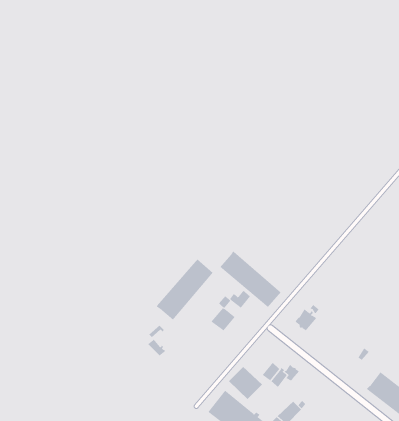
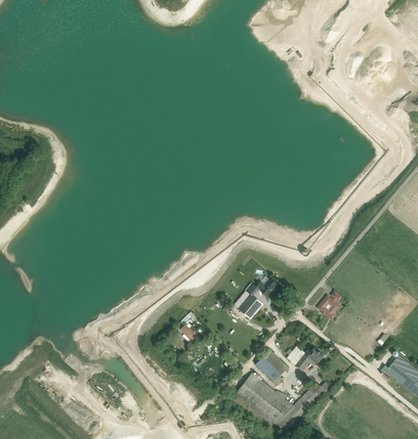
building: [220,250,281,308] -> none
building: [156,259,213,321] -> none

